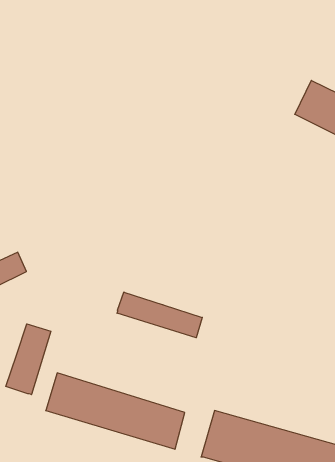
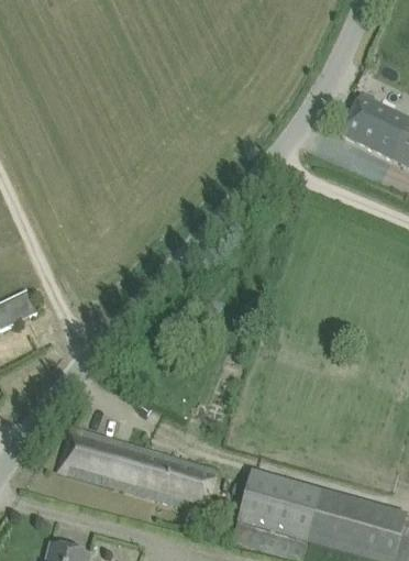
building: [117,292,202,338] -> none
building: [6,324,51,395] -> none

